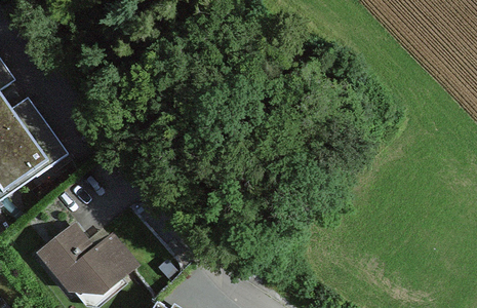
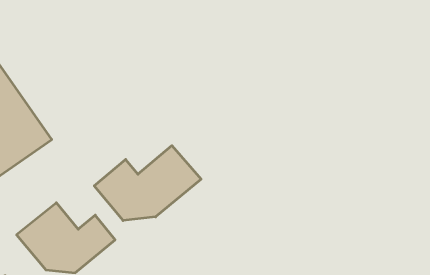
building: none -> [94,146,201,221]

